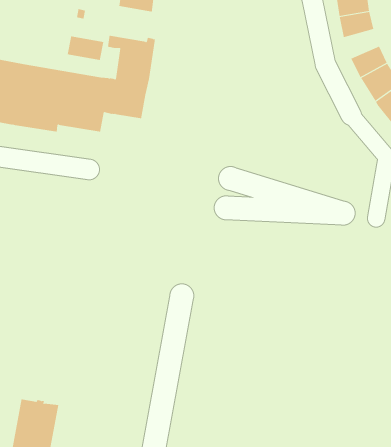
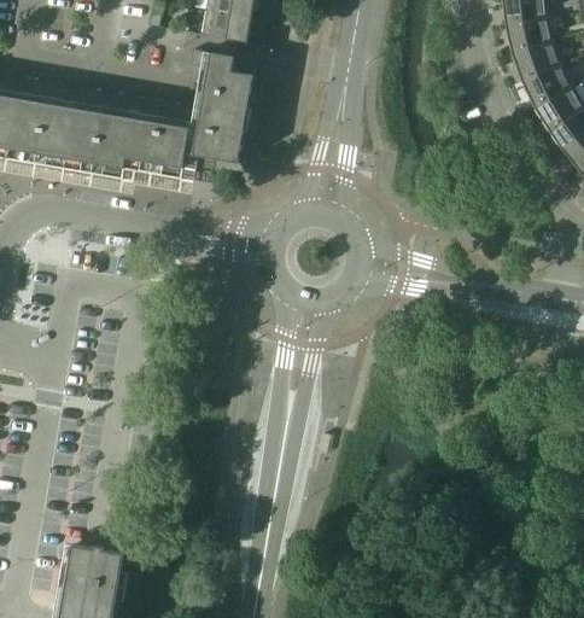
building: none -> [512,43,561,83]
building: [67,36,104,61] -> [202,12,252,46]

